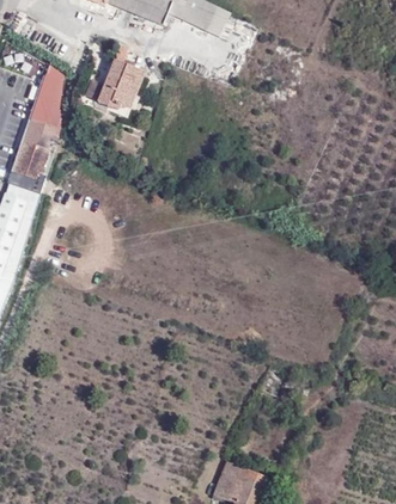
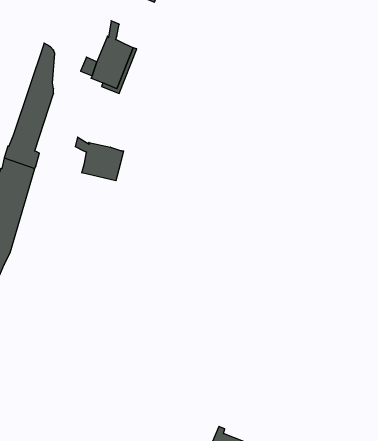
building: none -> [75,137,124,181]

